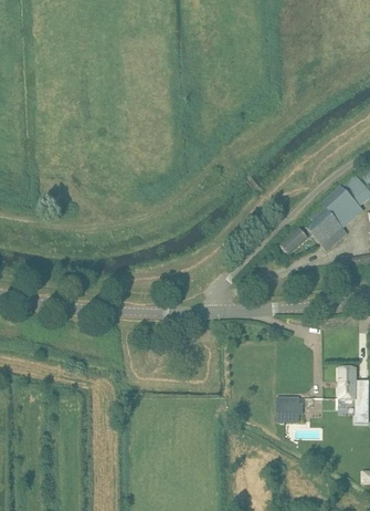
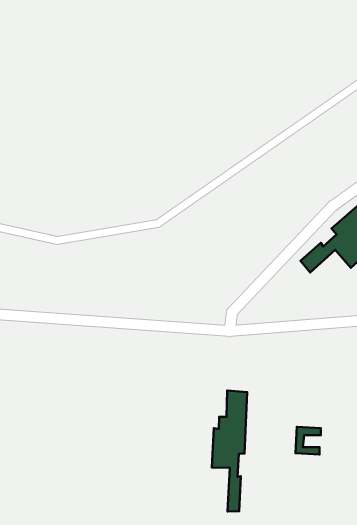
building: none -> [212,390,247,512]

